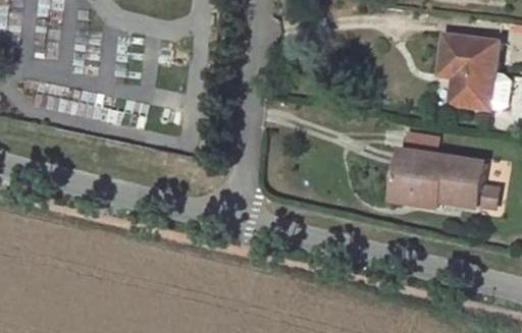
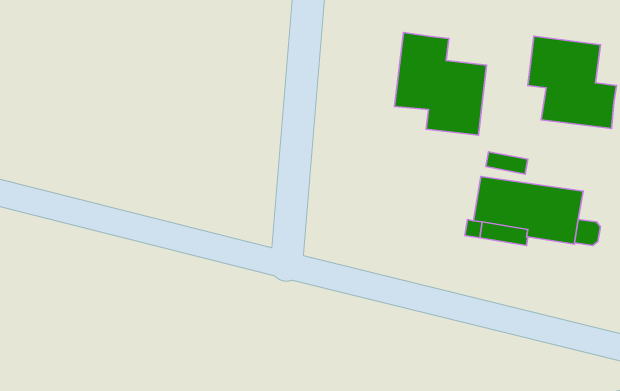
building: none -> [394,32,487,135]

